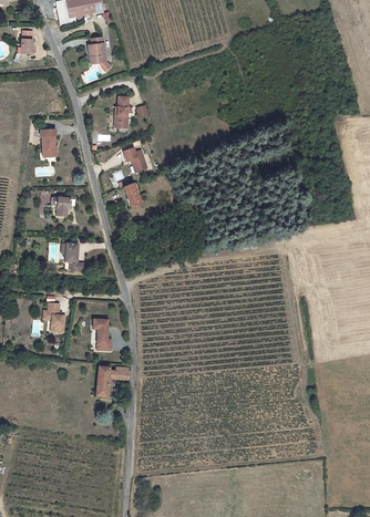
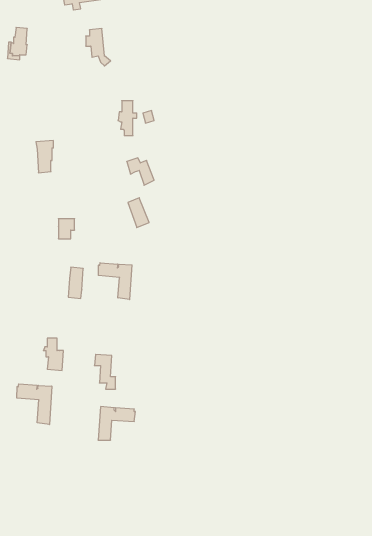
building: none -> [98,263,132,300]
building: none -> [17,384,52,425]

